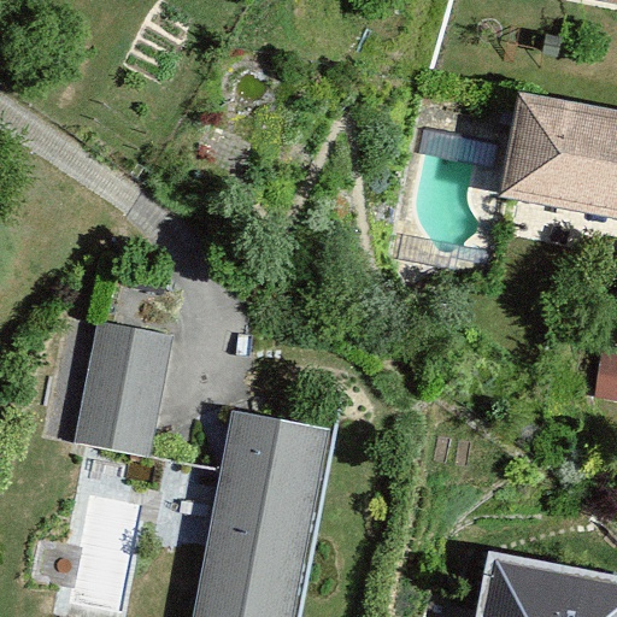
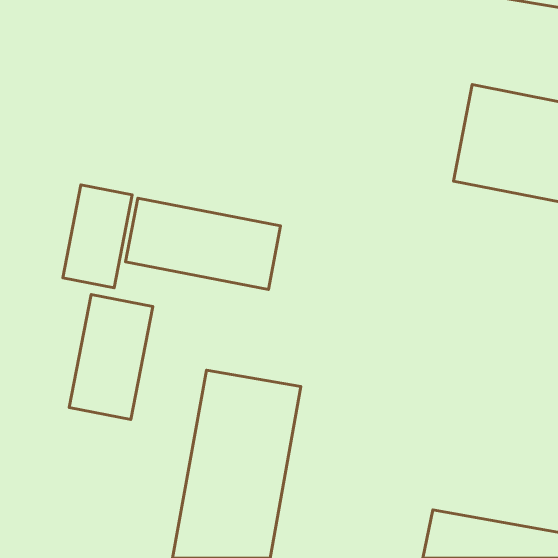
building: none -> [63,185,132,288]
building: none -> [126,198,281,289]

